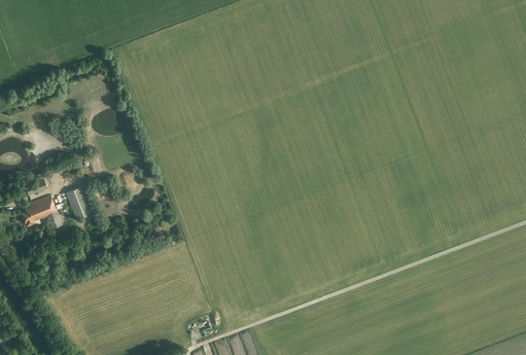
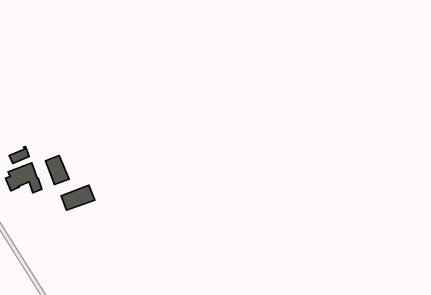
building: none -> [61,185,95,210]

